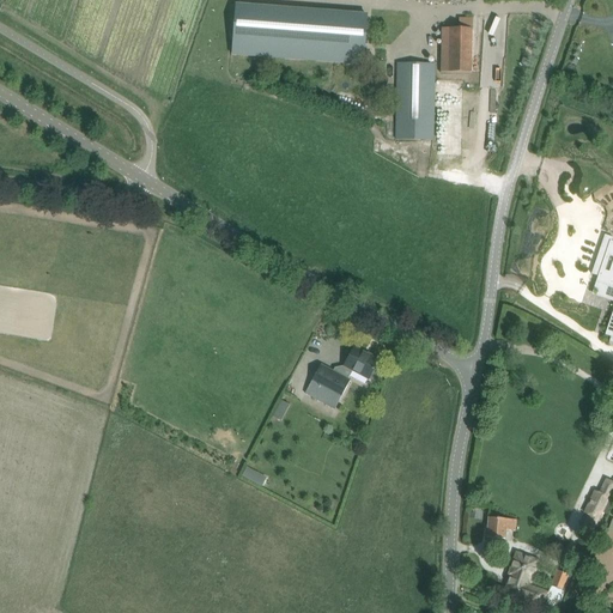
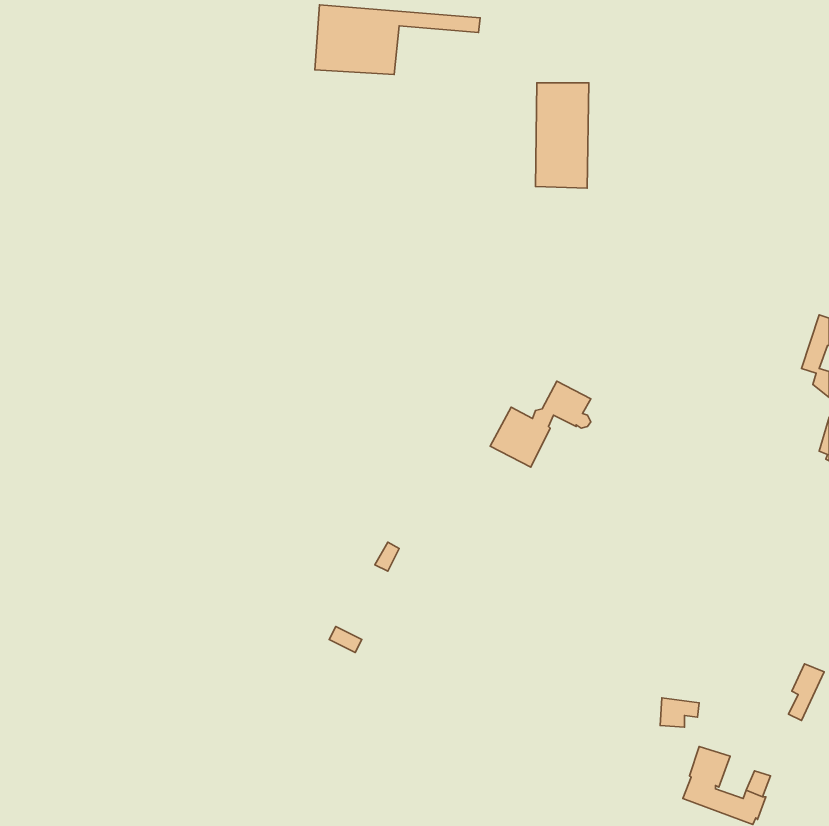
building: [291,13,368,61] -> none
building: [438,17,472,71] -> none
building: [305,344,380,407] -> [490,381,591,467]

